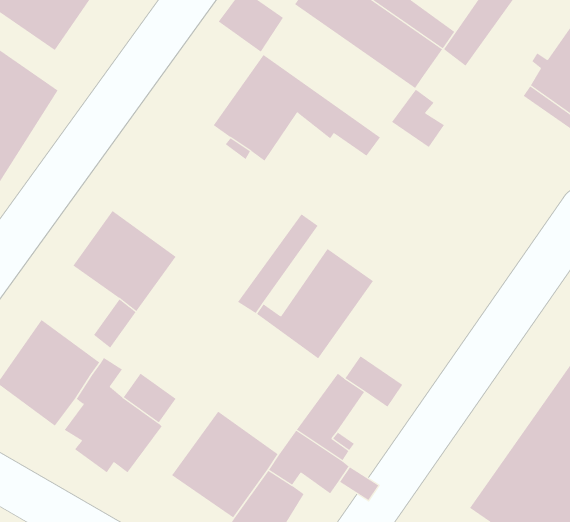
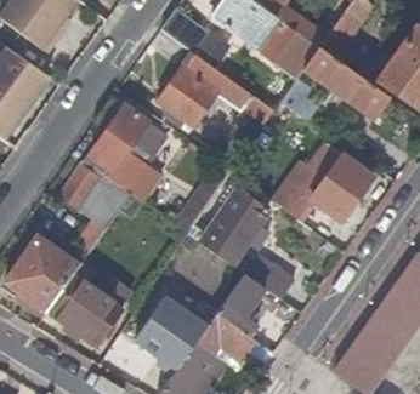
building: none -> [305,46,390,116]
building: none -> [87,105,165,199]
building: none -> [283,141,374,219]

